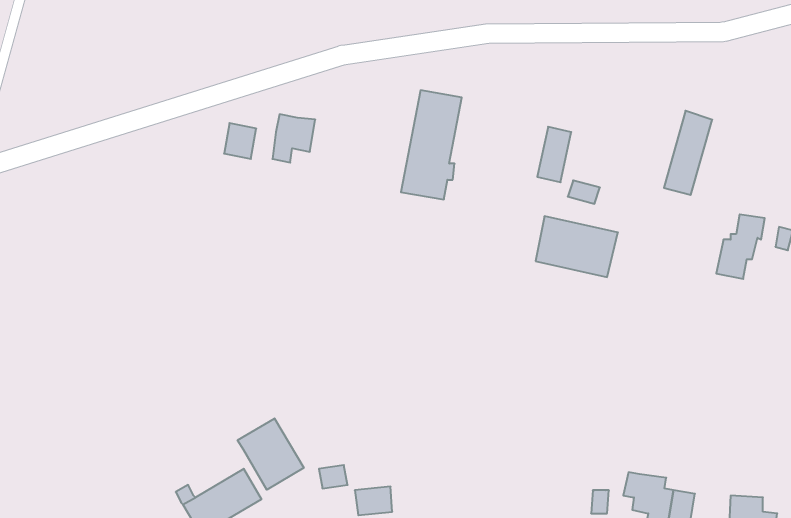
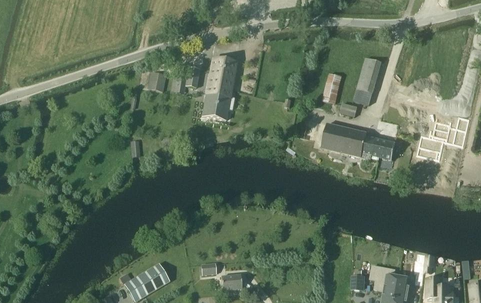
building: [401,90,462,199] -> [202,58,236,119]
building: [664,111,712,195] -> [354,57,381,104]
building: none -> [362,136,395,159]
building: [238,418,304,490] -> none

